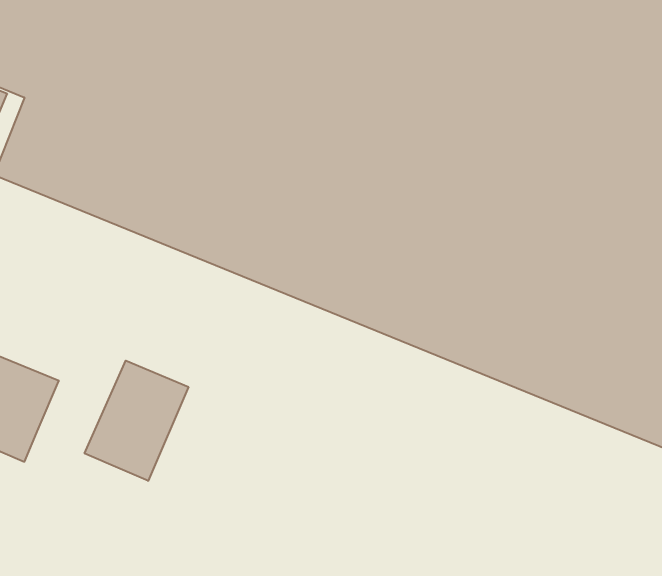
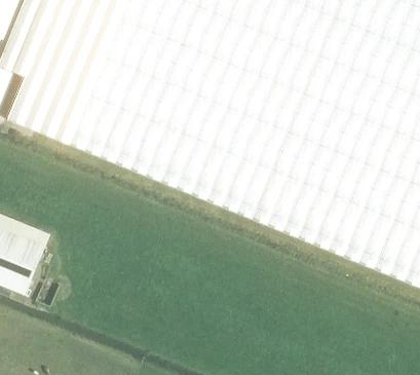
building: [85,361,188,481] -> none

